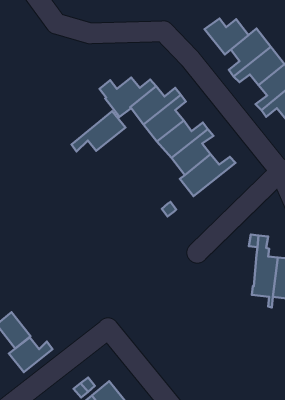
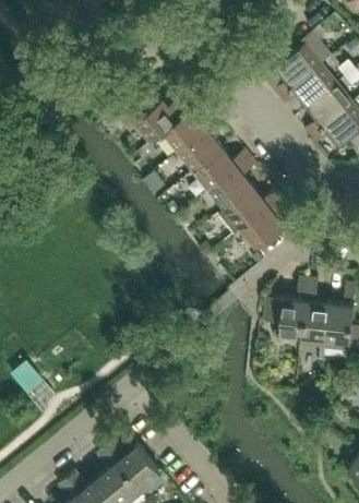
building: [205,18,248,54] -> none
building: [71,111,126,151] -> none
building: none -> [240,196,288,251]
building: none -> [265,298,307,344]
building: [9,337,53,372] -> none

